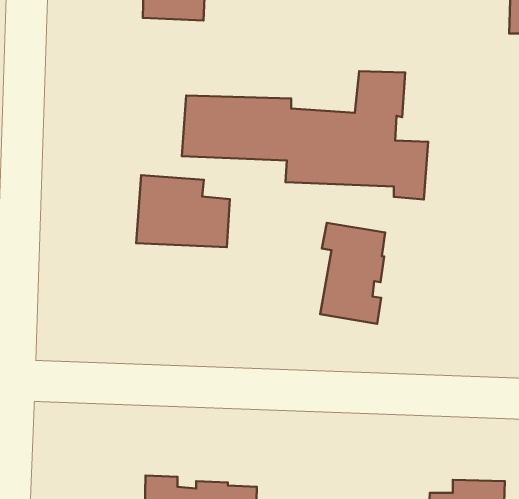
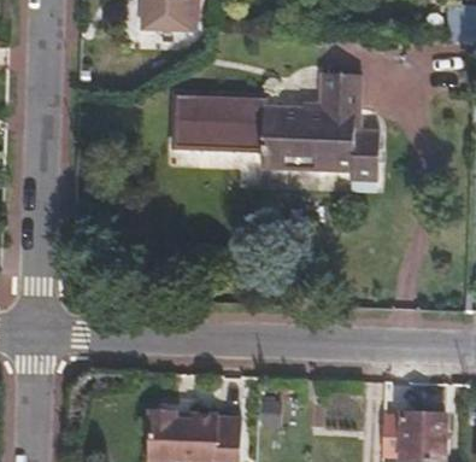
building: [136,175,230,247] -> none
building: [320,223,385,324] -> none

